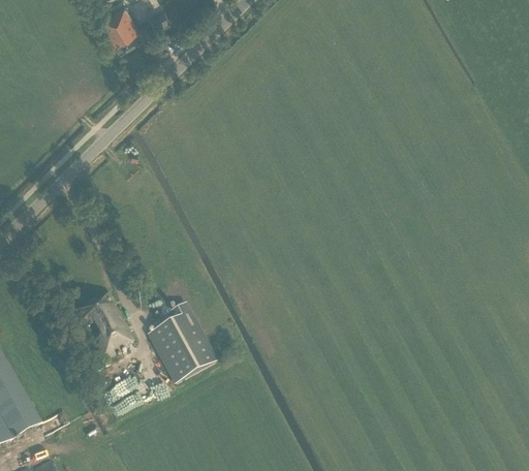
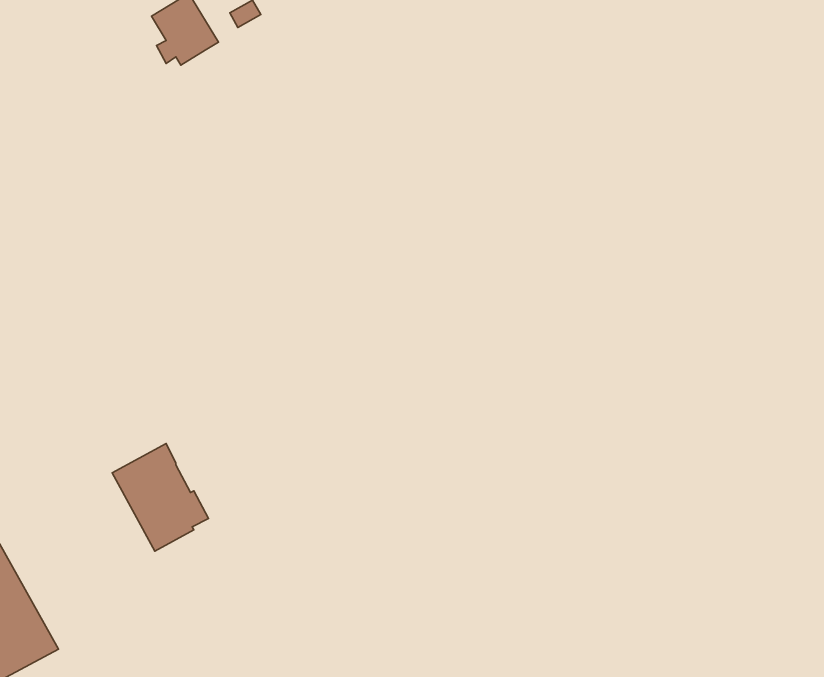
building: [145,301,216,382] -> none

